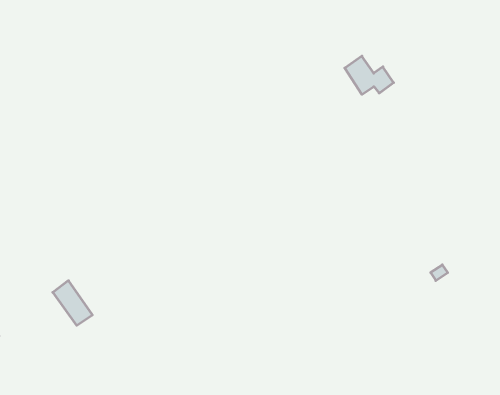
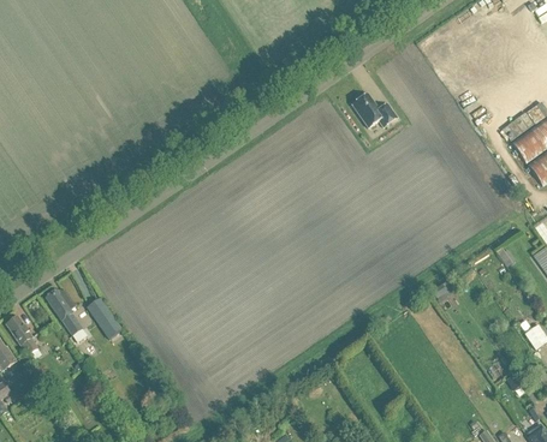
building: none -> [46,288,82,335]

